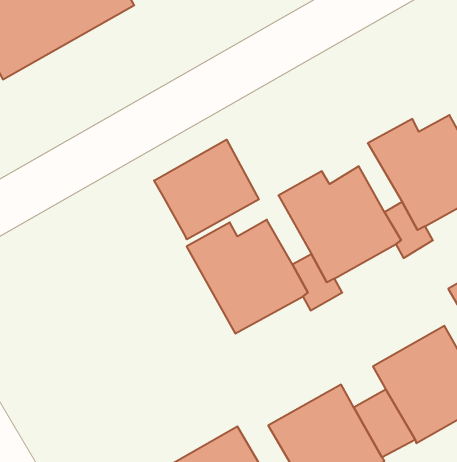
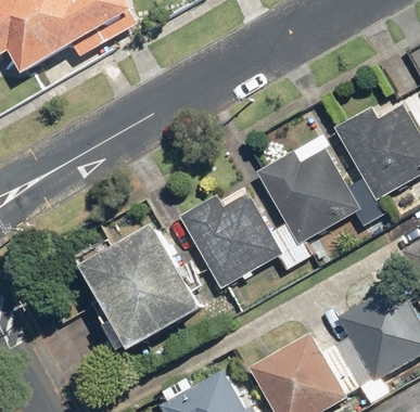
building: [154,140,259,239] -> none
building: none -> [82,224,203,350]

